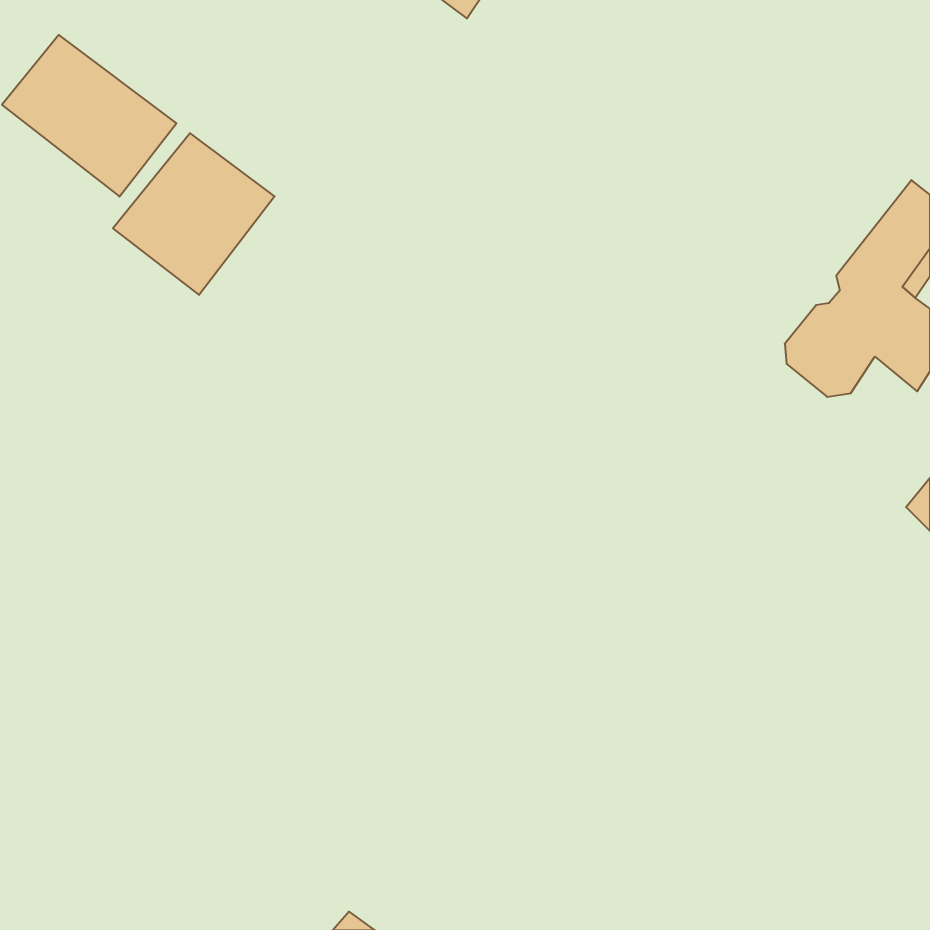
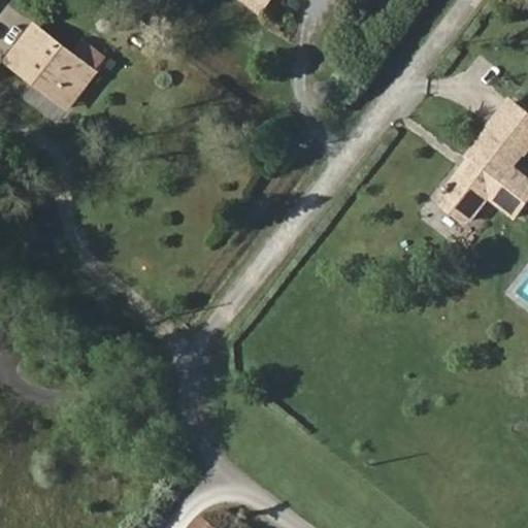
building: [113,133,275,295] -> none

